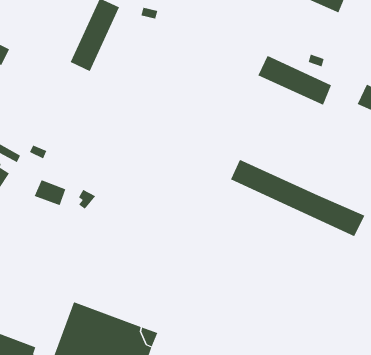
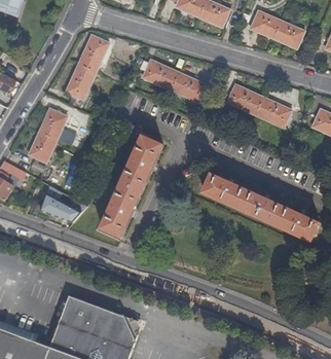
building: none -> [143,60,208,102]
building: none -> [30,108,68,161]
building: none -> [102,135,162,237]

